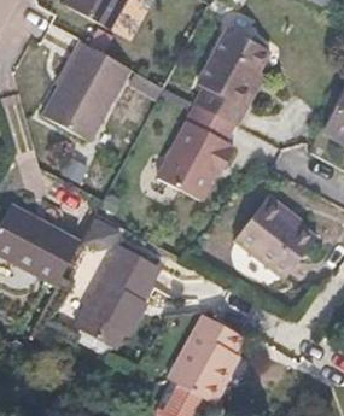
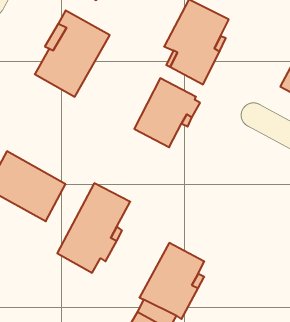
building: [235,197,319,282] -> none

